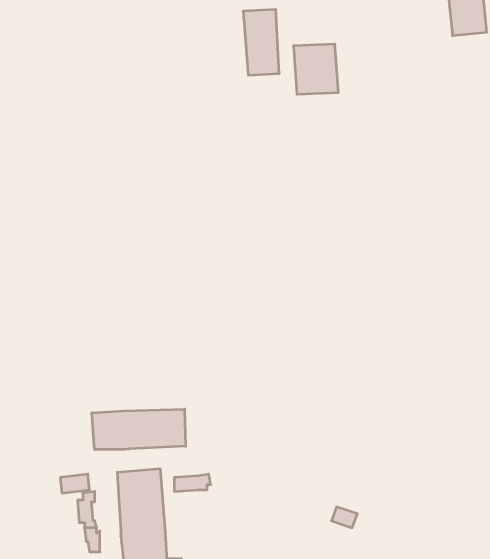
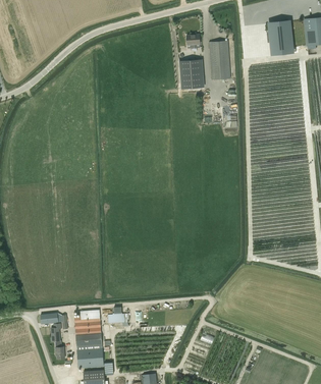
building: [243,10,279,75] -> [209,41,230,79]
building: [92,409,186,450] -> none

